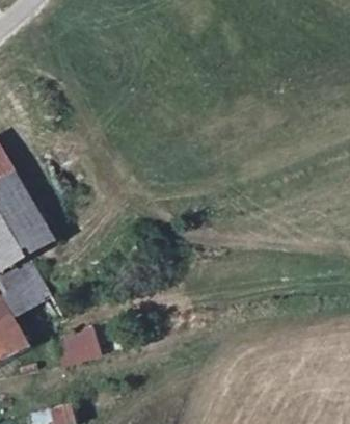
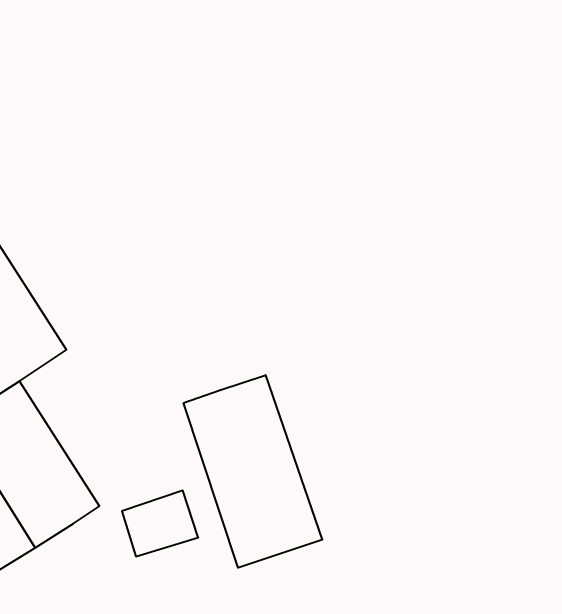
building: none -> [184,375,322,568]

